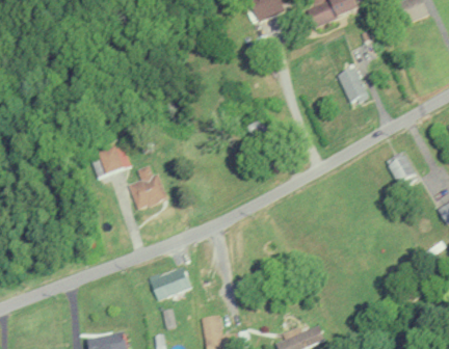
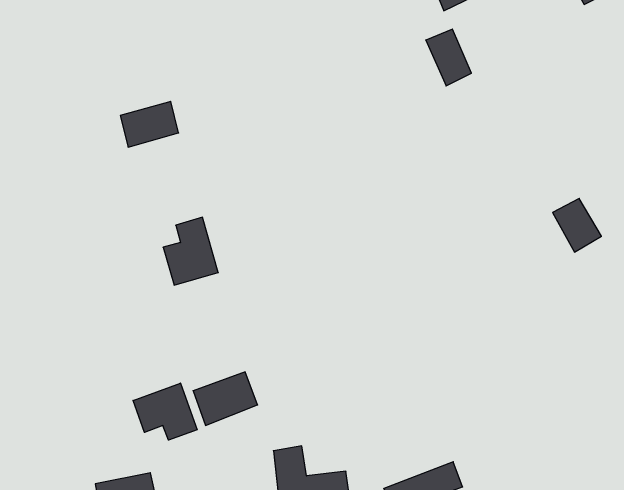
building: [340,66,370,104] -> [426,29,471,86]
building: [93,144,131,174] -> [120,101,179,147]
building: none -> [133,383,197,440]

